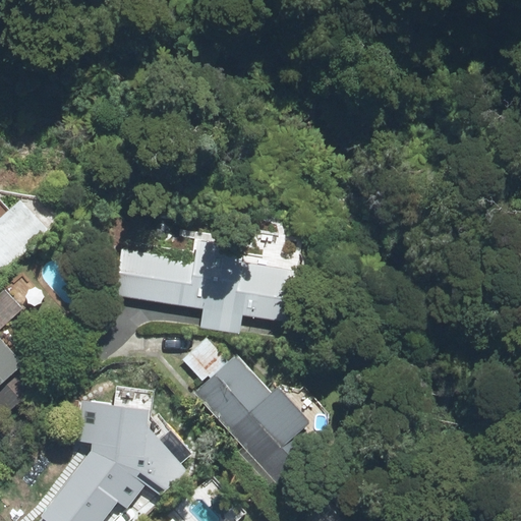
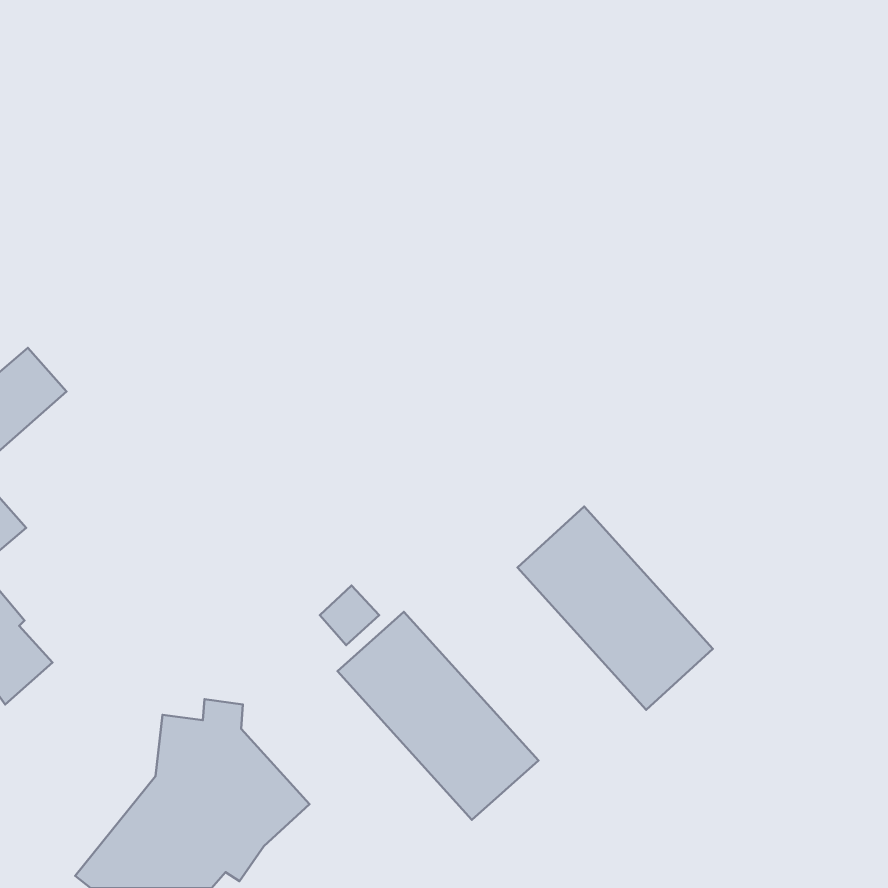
building: [113,242,292,330] -> none
building: none -> [517,507,713,710]

